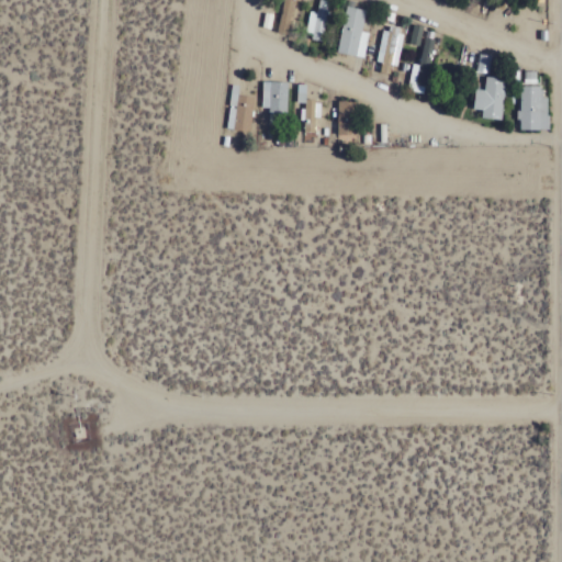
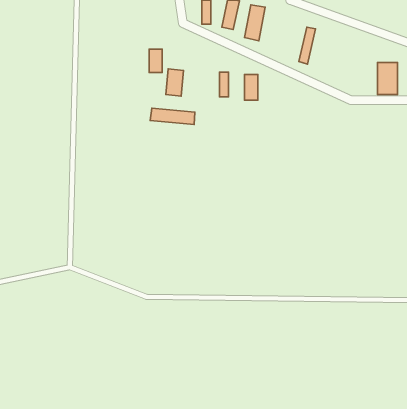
building: [375,25,406,74] -> none
building: [474,77,505,120] -> none
building: [270,82,288,114] -> [149,49,162,72]
building: none -> [150,108,195,124]

